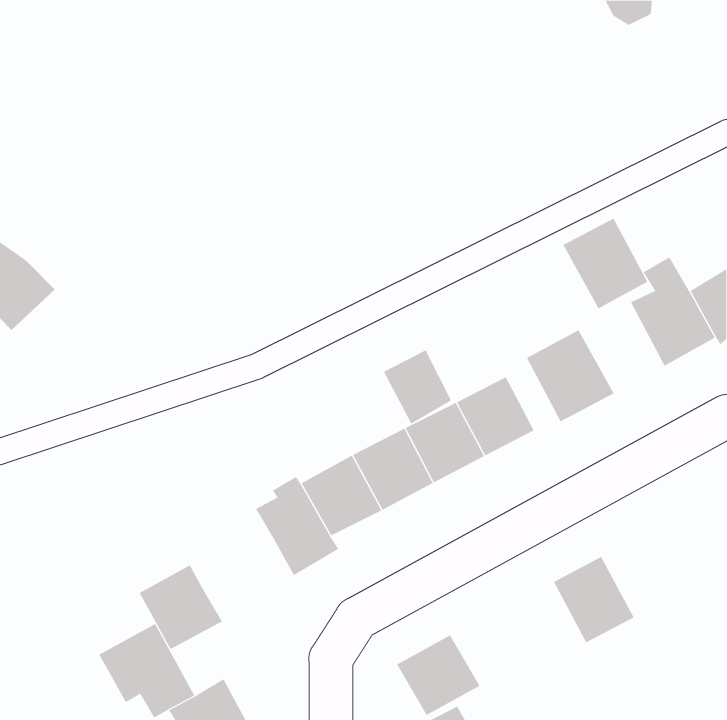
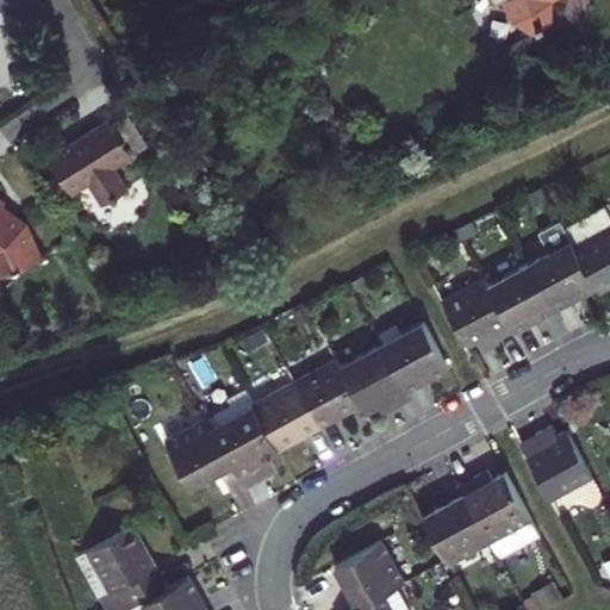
building: none -> [50,120,142,203]
building: [562,218,648,309] -> [484,260,555,336]
building: [383,349,452,425] -> none
building: none -> [519,430,593,505]
building: [139,564,223,650] -> [162,417,232,488]
building: none -> [418,493,490,567]

